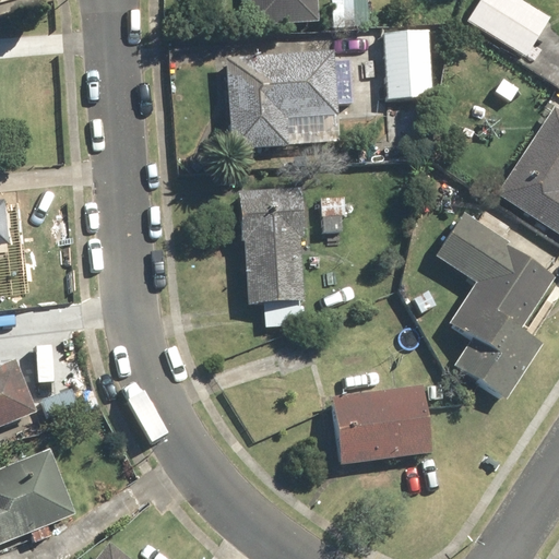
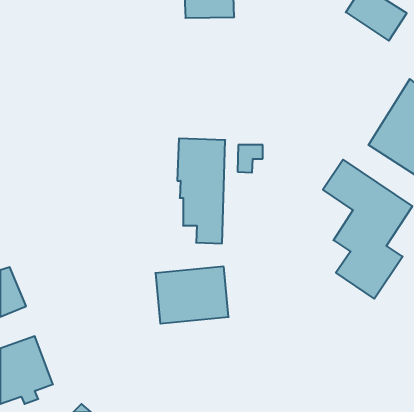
building: [385,29,432,97] -> none
building: [229,50,337,150] -> none
building: [335,386,433,463] -> [155,267,229,324]

